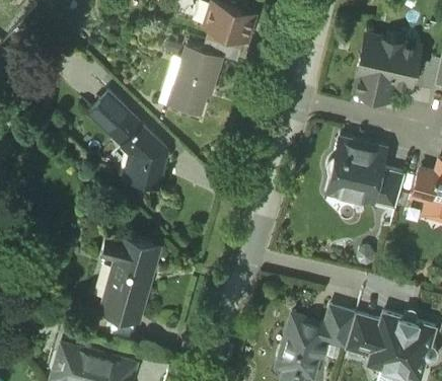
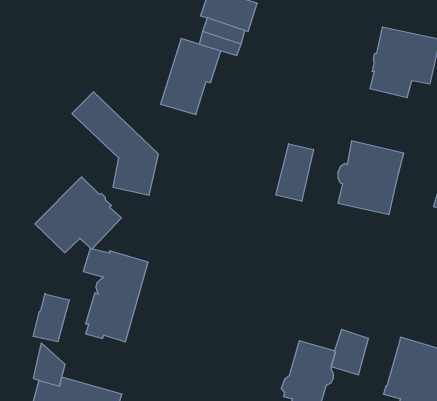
building: none -> [276,144,314,201]
building: [373,168,406,209] -> none
building: none -> [35,177,121,253]
building: none -> [33,293,69,342]
building: [345,314,381,357] -> none

